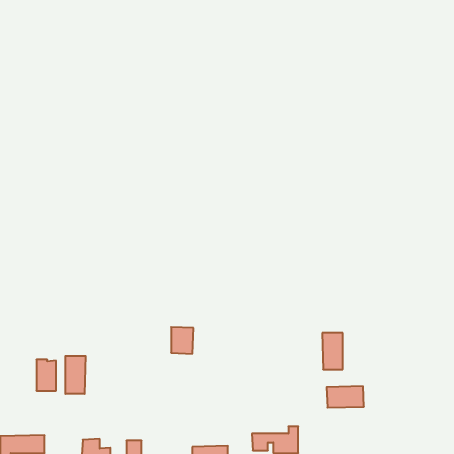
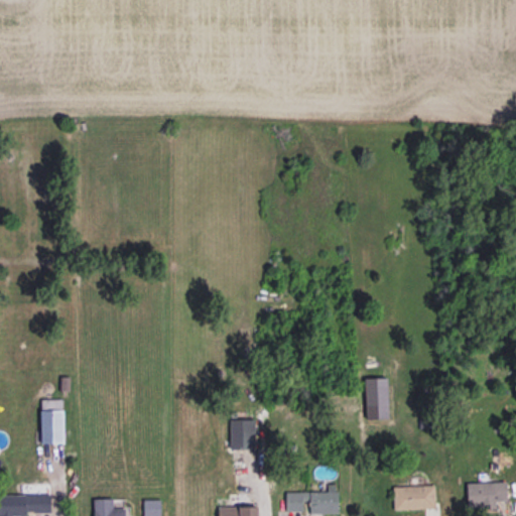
building: [171,327,193,354] -> [231,419,256,449]
building: [65,356,86,394] -> none
building: [327,386,364,408] -> [394,486,436,510]
building: none -> [468,482,509,508]

